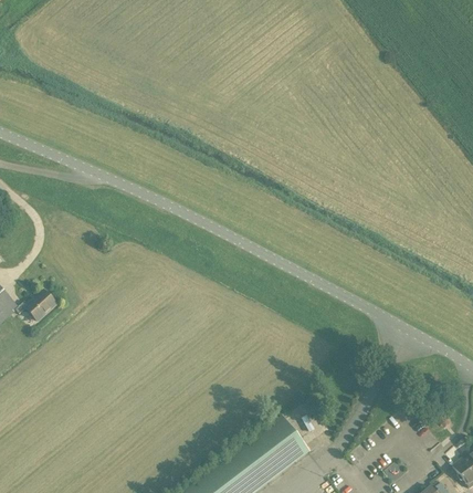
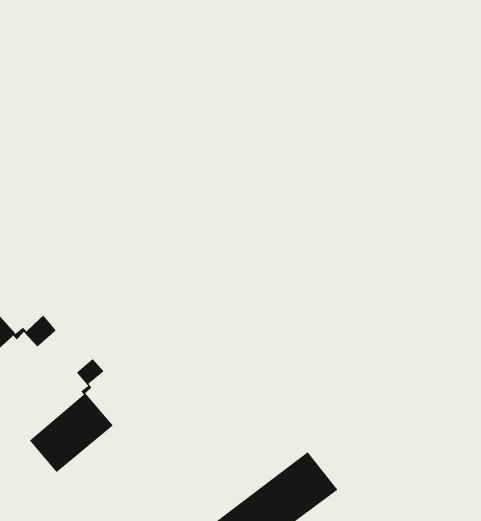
building: none -> [29,358,114,473]

